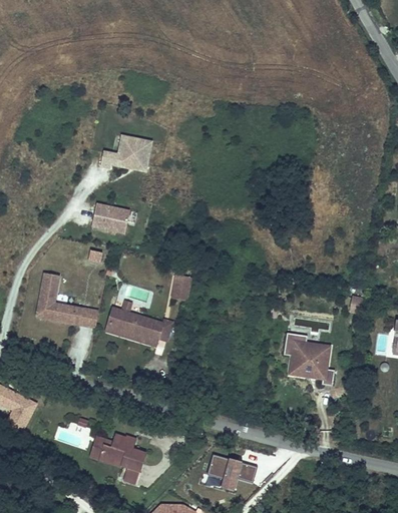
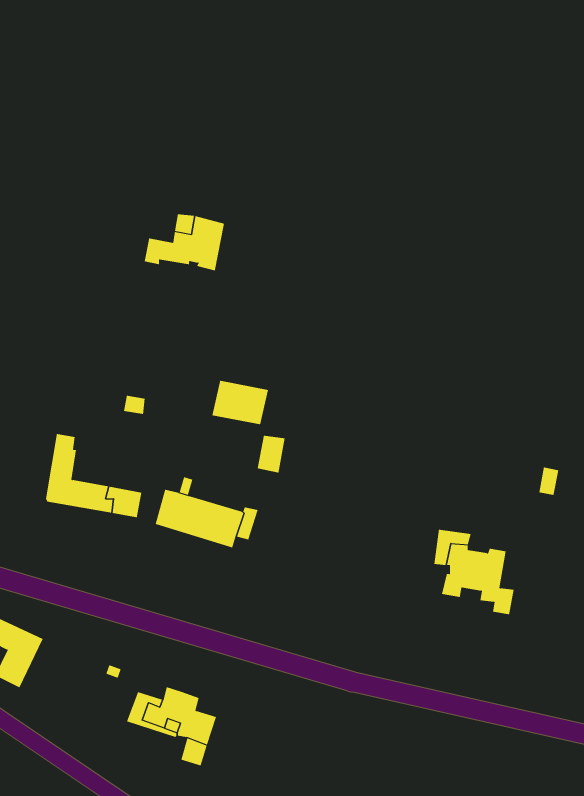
building: [93,203,129,231] -> [212,380,269,425]
building: [209,453,258,488] -> none

